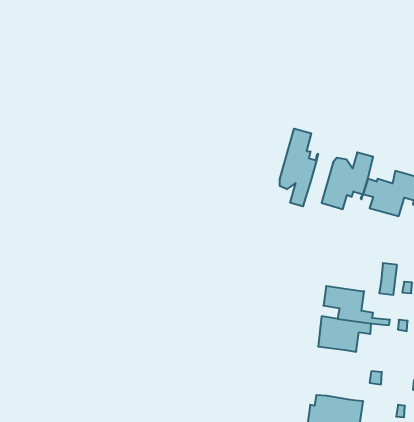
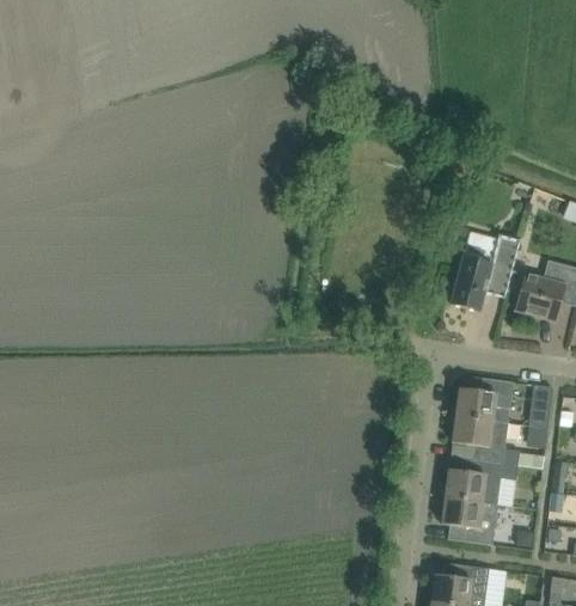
building: [280,129,318,206] -> none
building: none -> [456,377,514,423]
building: none -> [442,497,497,545]

